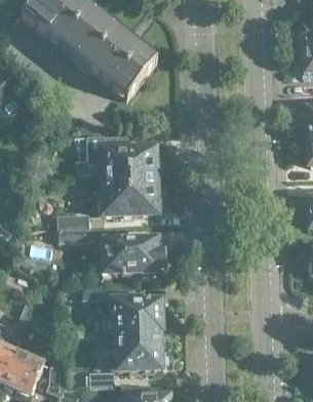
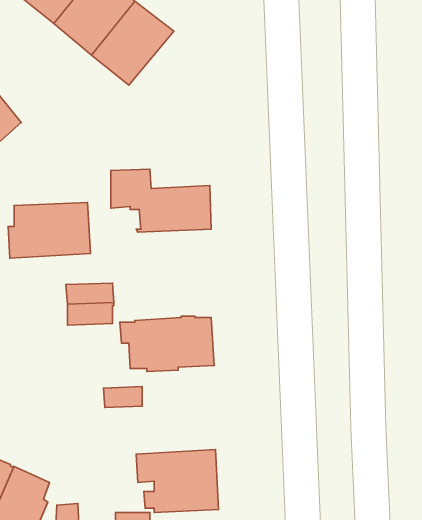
building: [99,42,156,100] -> none
building: [101,177,157,215] -> [8,203,91,258]
building: [103,297,163,331] -> none

